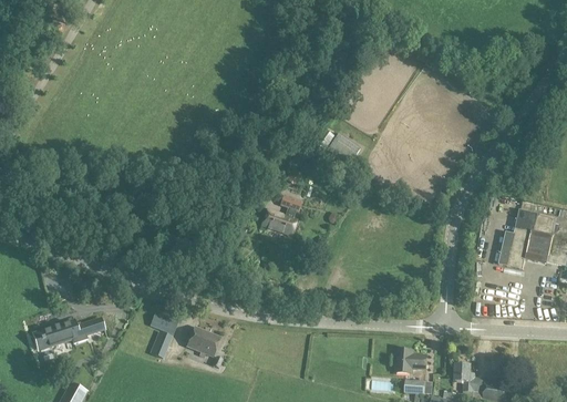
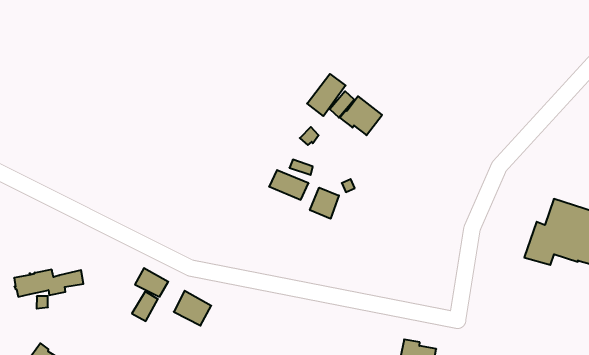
building: none -> [307,74,346,116]
building: none -> [310,188,339,219]

